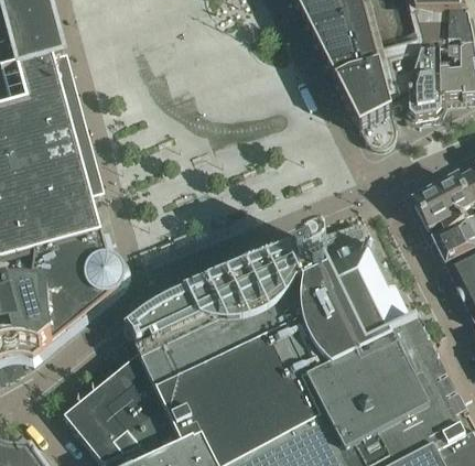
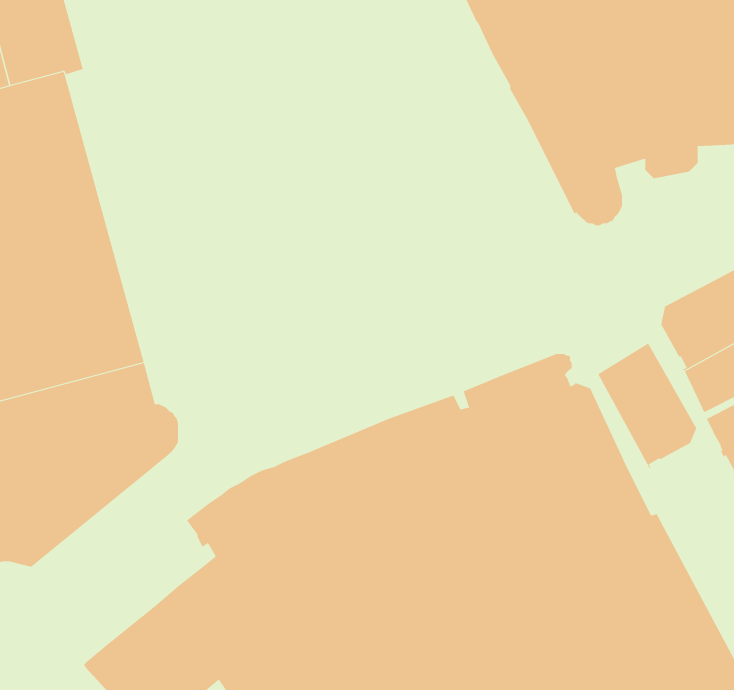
building: none -> [597,342,697,468]

